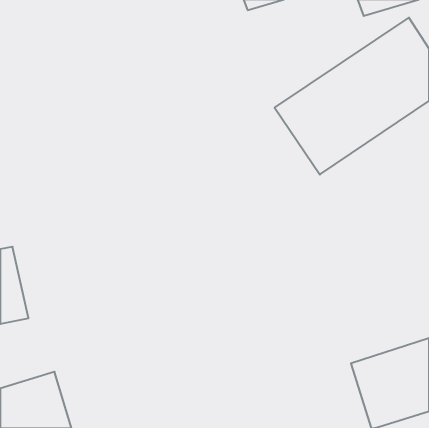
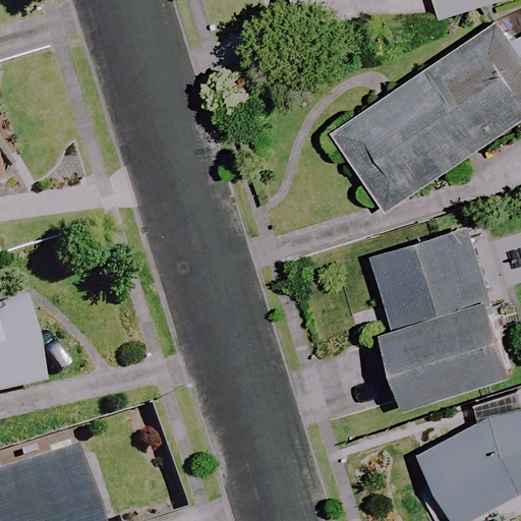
building: none -> [366,227,512,406]

